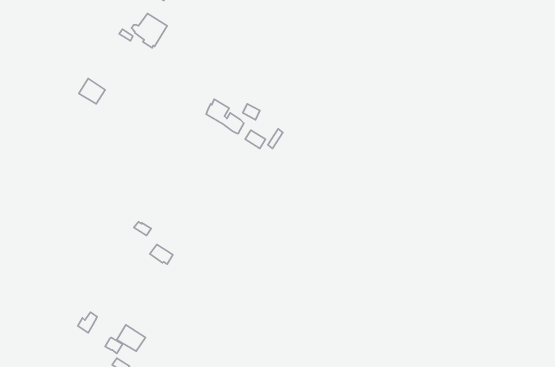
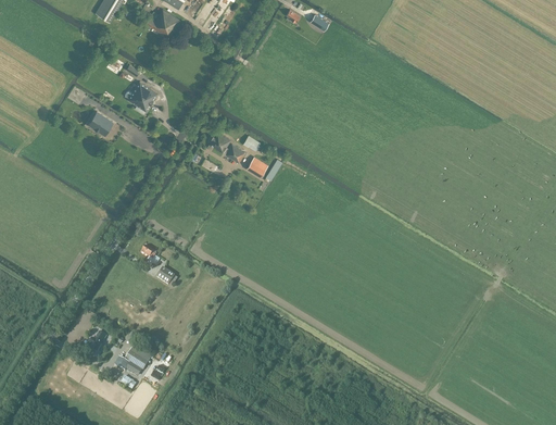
building: [132,13,167,48] -> [125,80,159,113]

